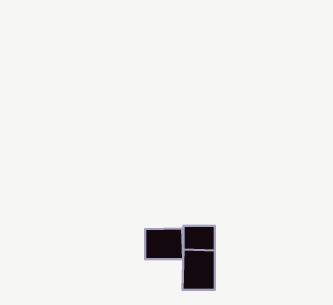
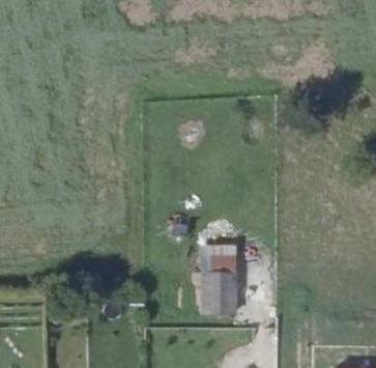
building: [145,229,183,259] -> none

